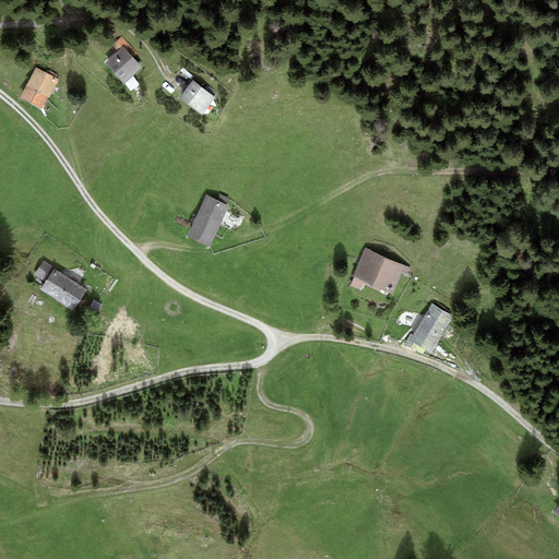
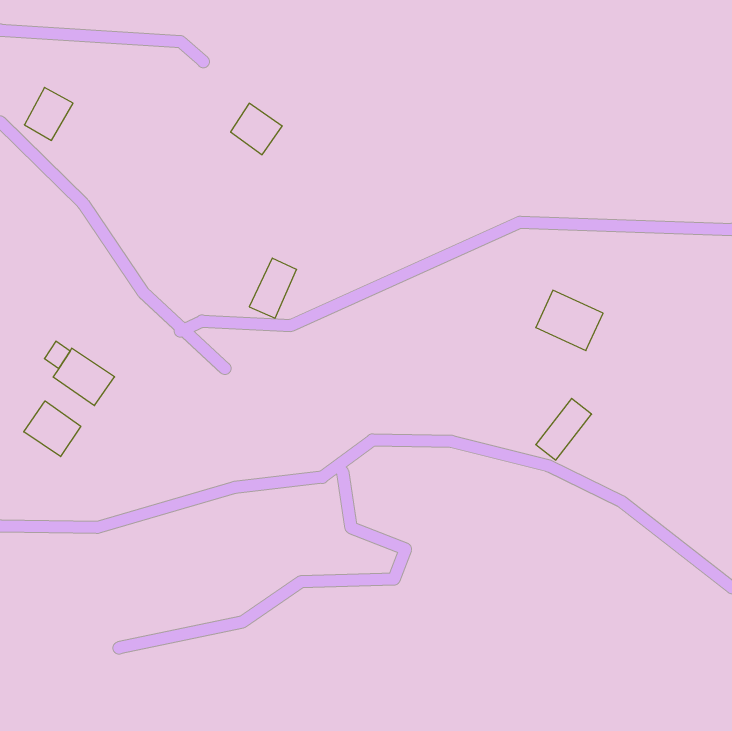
building: [104,46,143,84] -> none
building: [353,248,404,294] -> [536,290,603,351]
building: none -> [24,401,81,457]

